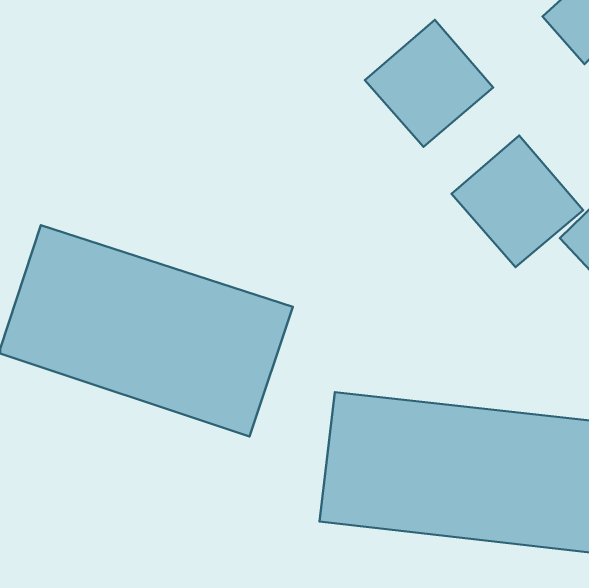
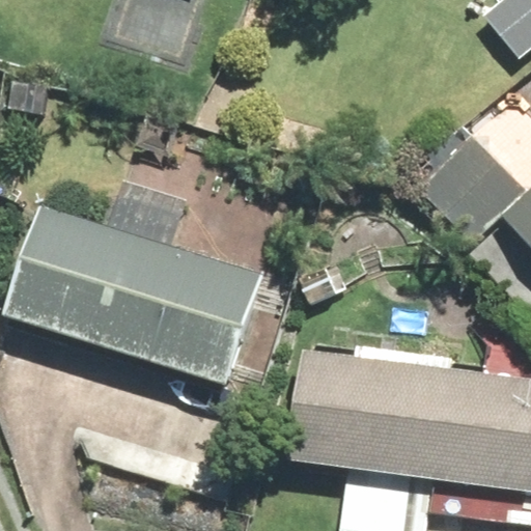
building: [365,20,493,147] -> none

